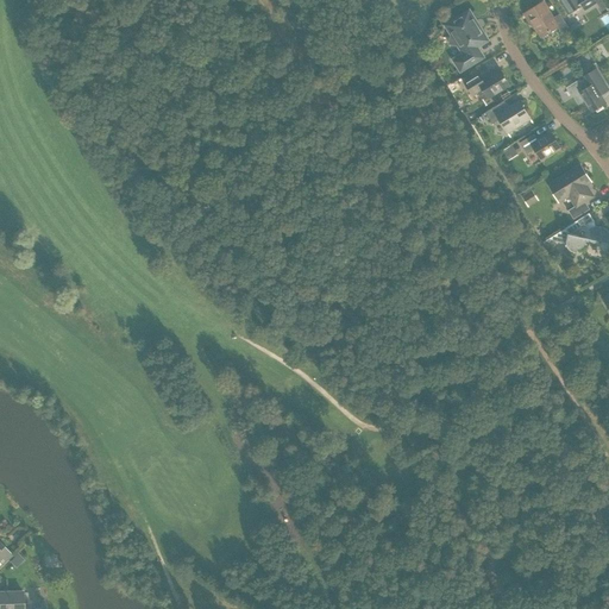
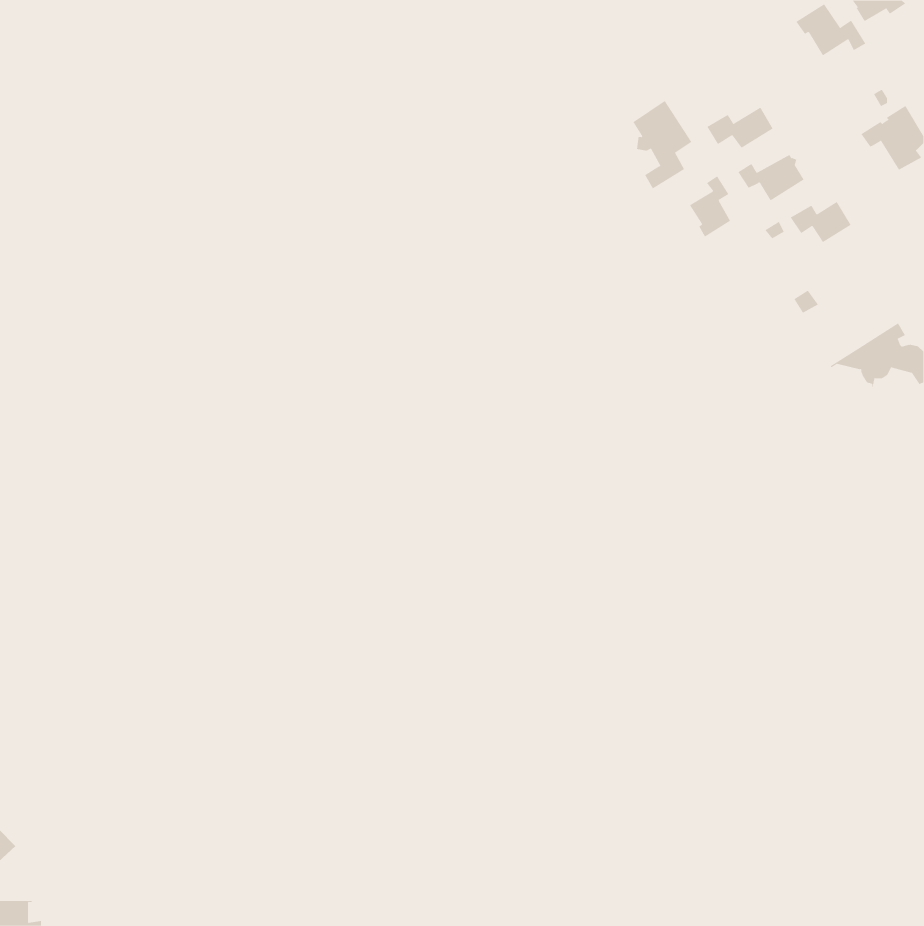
building: [446,12,485,70] -> [632,100,692,189]
building: none -> [689,175,731,237]
building: [551,165,591,219] -> none

